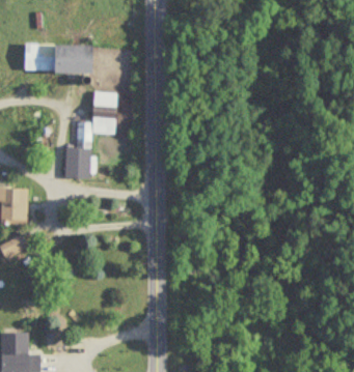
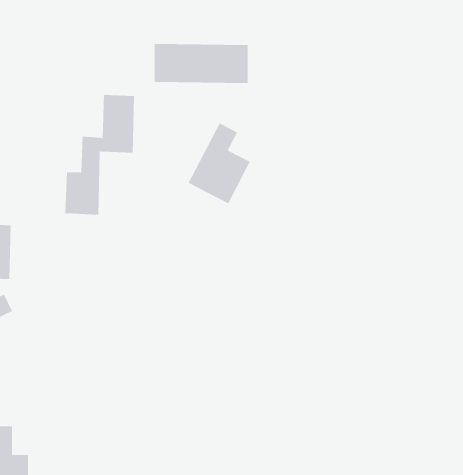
building: [25,45,93,74] -> [154,43,248,84]
building: none -> [188,122,250,204]

